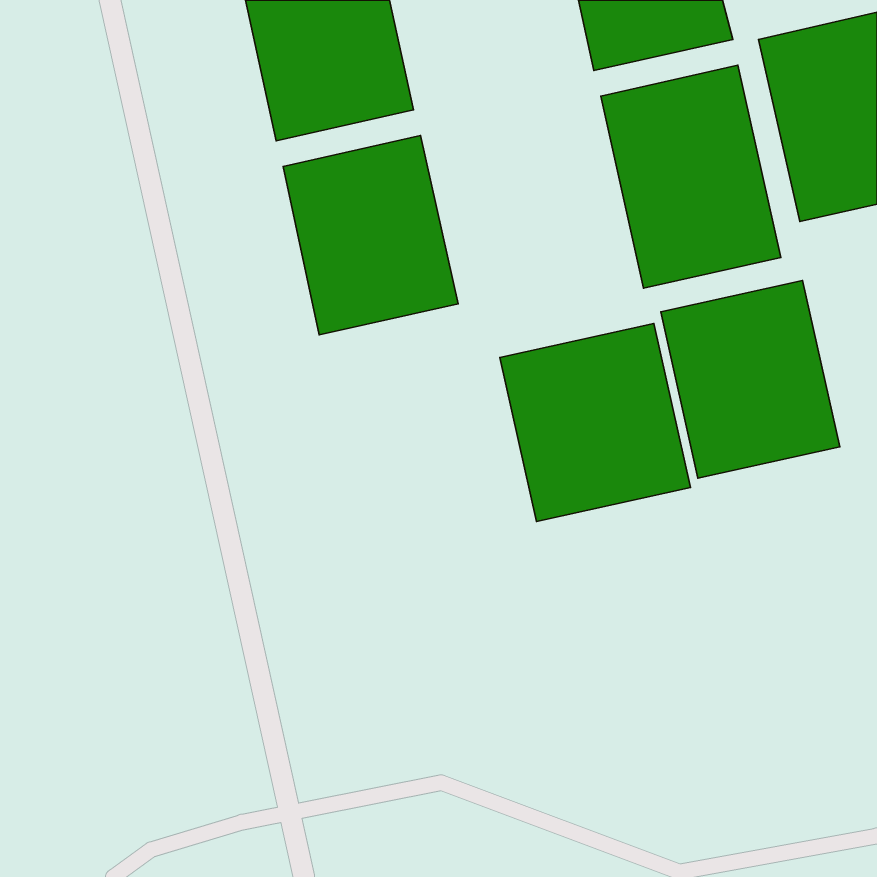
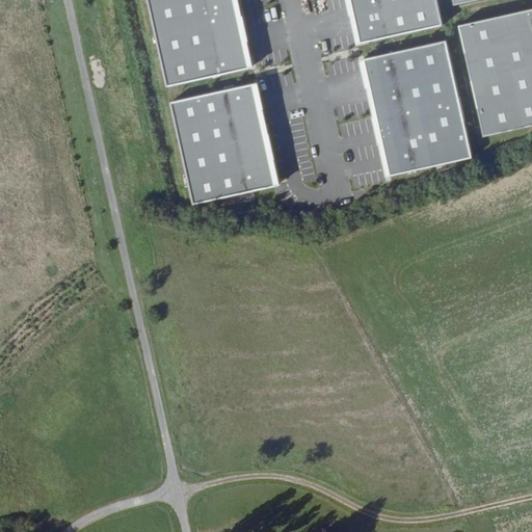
building: [661,280,840,478] -> none
building: [500,323,690,522] -> none

